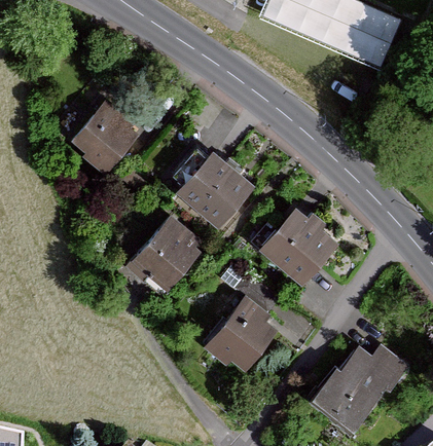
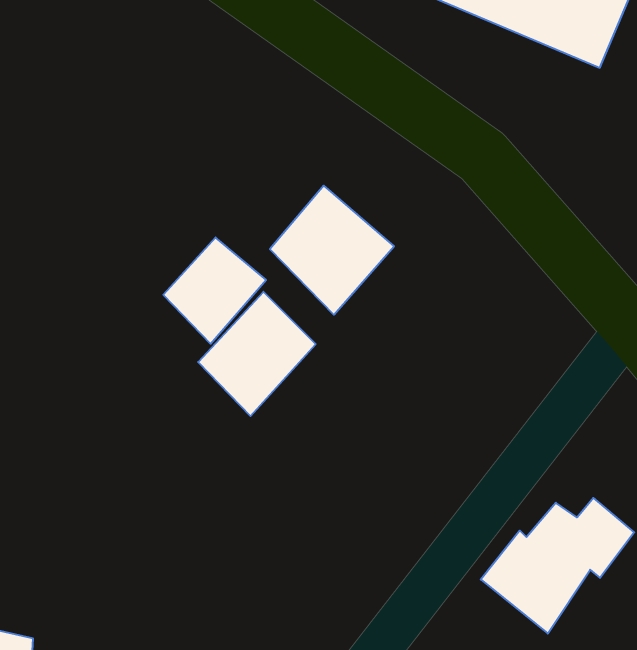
building: [71,105,136,172] -> [163,237,266,344]
building: [257,207,337,287] -> none
building: [204,298,278,377] -> none

